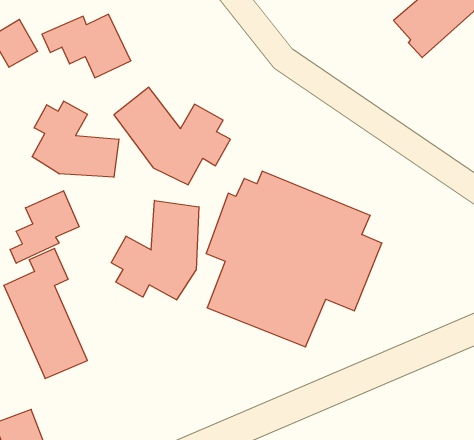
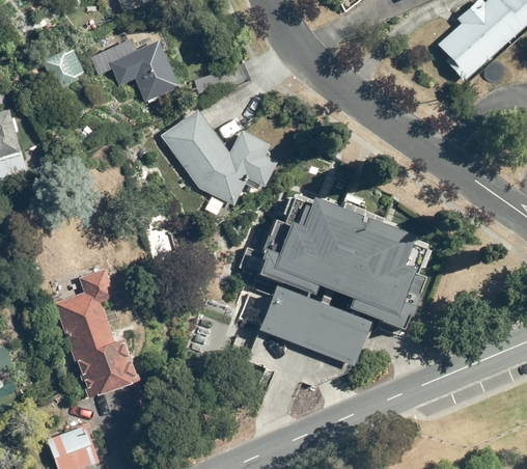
building: [32,101,119,177] -> none
building: [10,191,79,263] -> none
building: [111,200,199,300] -> none

